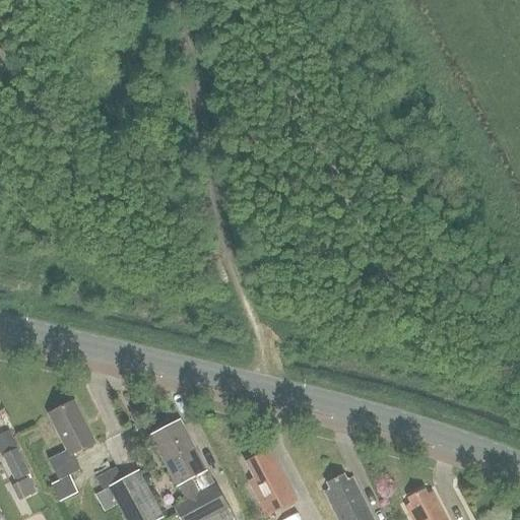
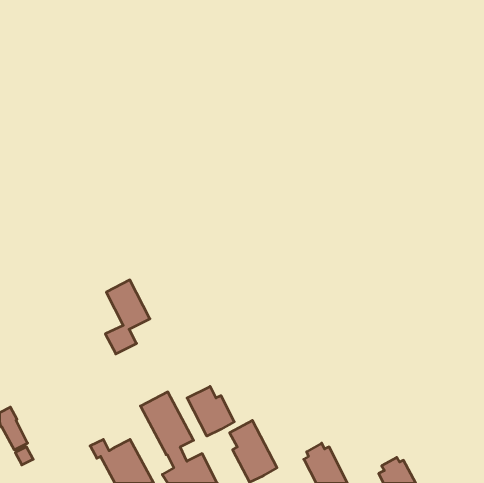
building: [48,401,95,480] -> [105,280,150,354]
building: none -> [187,386,234,436]

